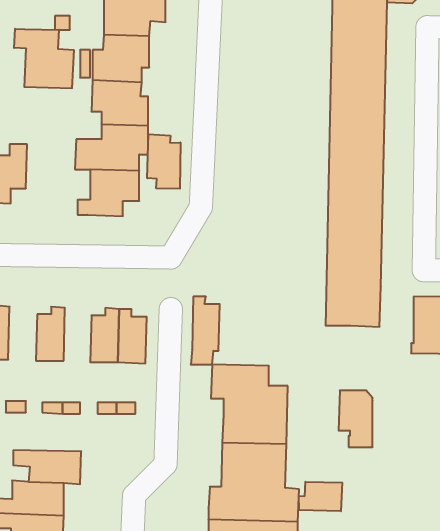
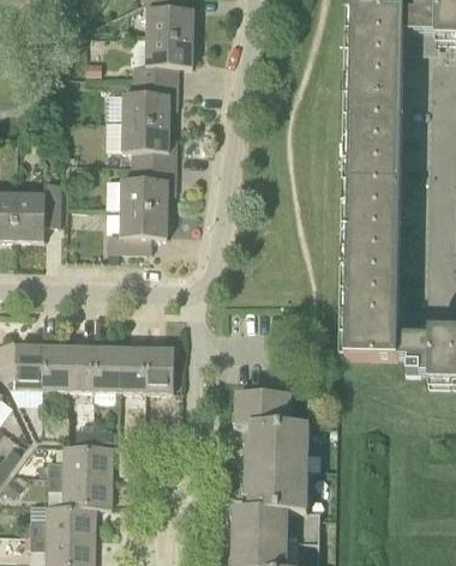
building: [14,29,74,88] -> none
building: [147,134,180,189] -> none
building: [191,297,220,365] -> [92,339,120,404]
building: none -> [41,338,68,390]
building: [339,390,373,447] -> [395,319,427,373]
building: none -> [46,444,110,476]
building: [299,482,342,511] -> none

